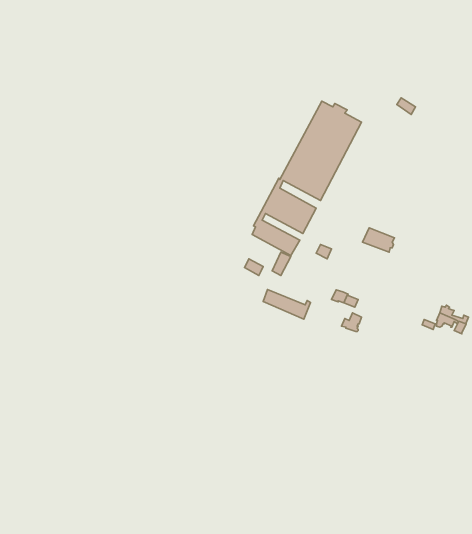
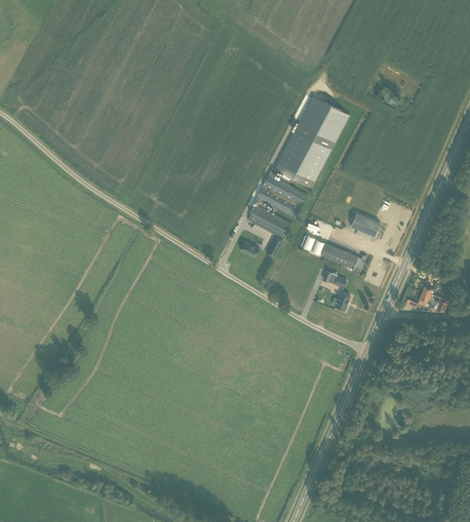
building: [263,289,311,319] -> [321,243,365,271]

